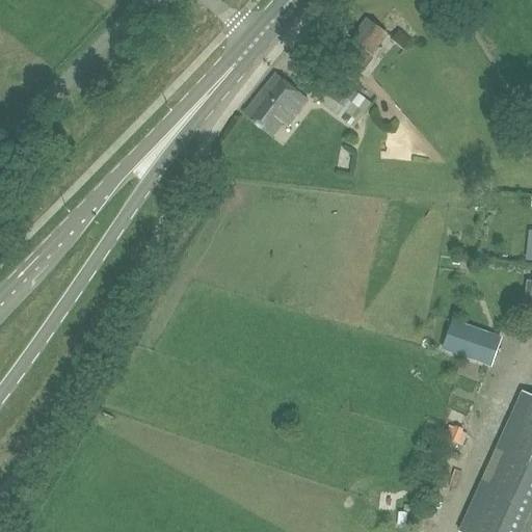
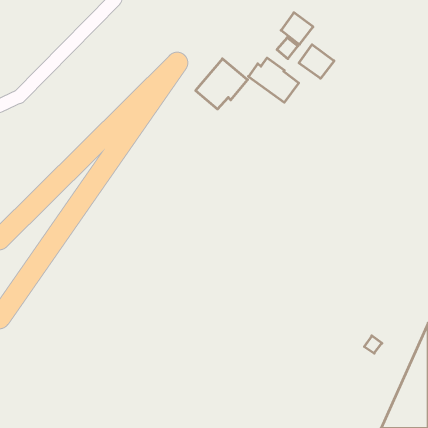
building: none -> [299,45,334,78]
building: [450,322,501,364] -> none

